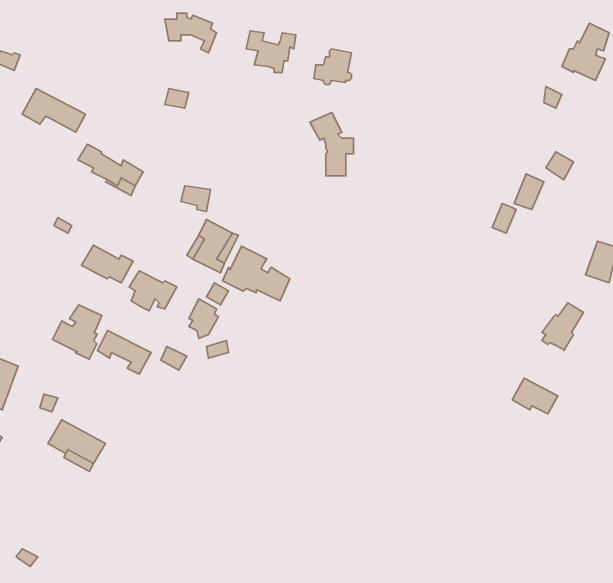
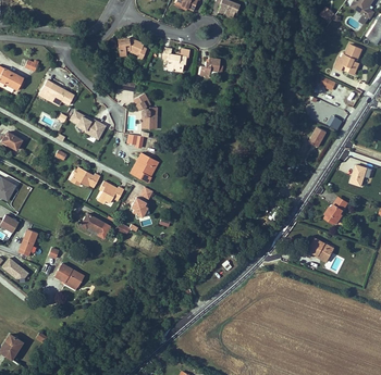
building: [310,112,354,176] -> [133,95,157,129]
building: [223,246,290,301] -> none
building: [53,305,102,359] -> none

